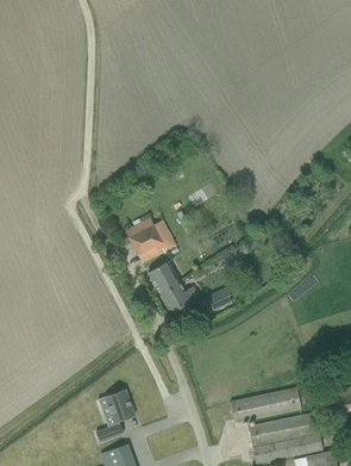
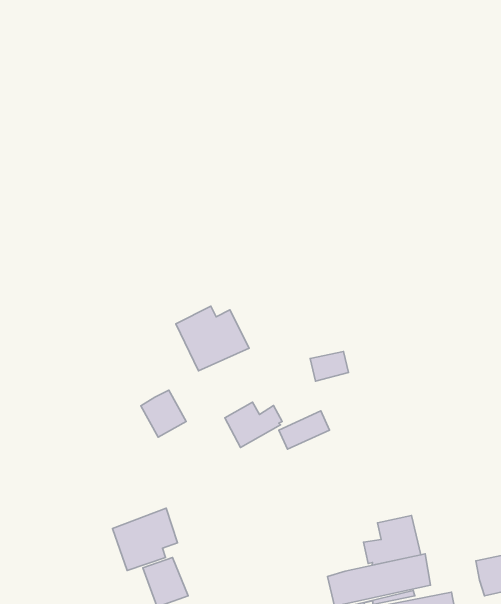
building: [148,261,178,293] -> [141,390,186,437]
building: none -> [112,508,178,571]
building: none -> [364,515,421,565]

